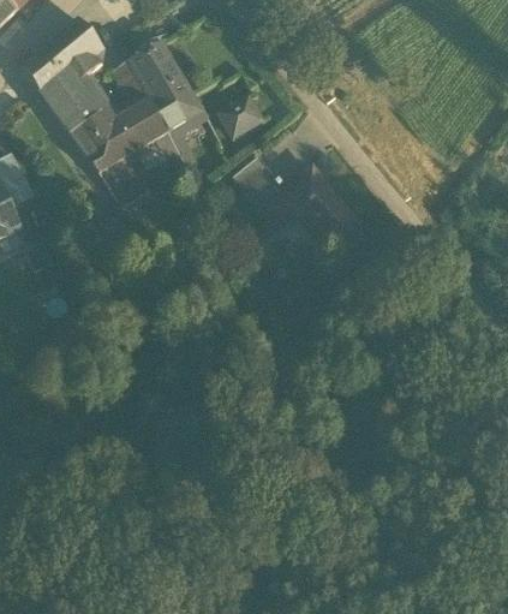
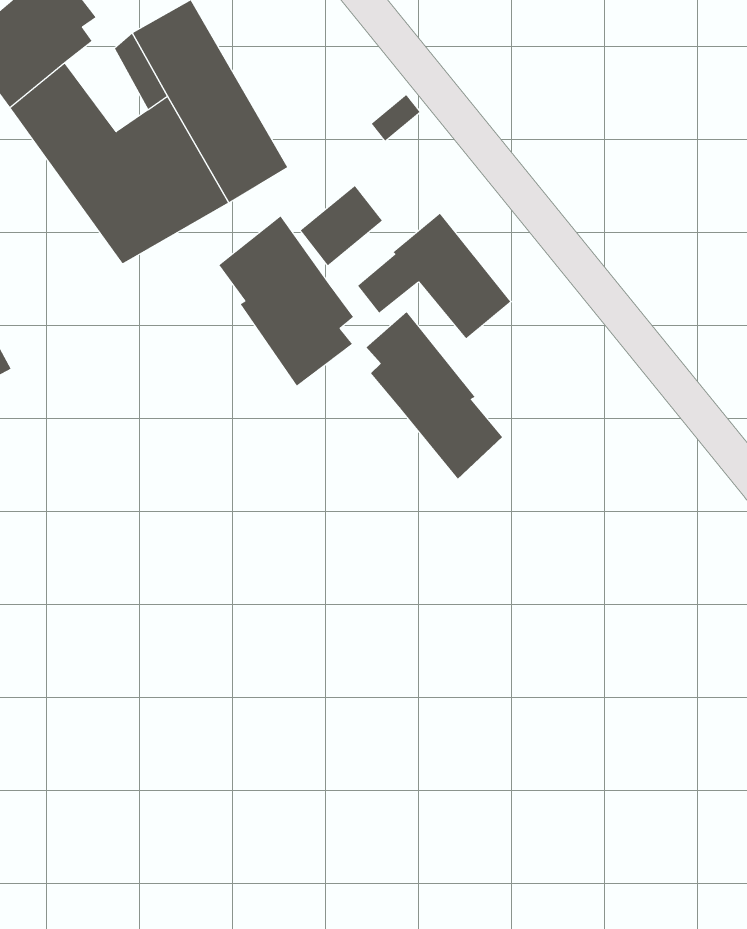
building: [220,93,261,131] -> none
building: none -> [219,215,354,386]
building: none -> [365,311,503,480]

